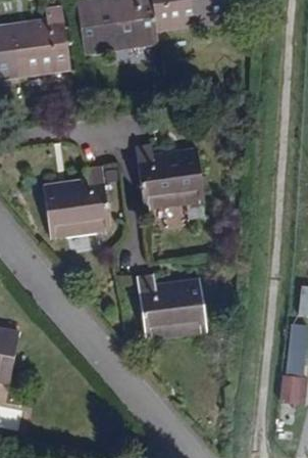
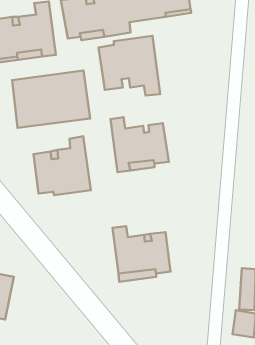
building: none -> [99,36,160,95]
building: none -> [12,71,90,128]

